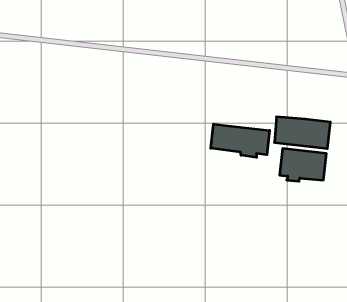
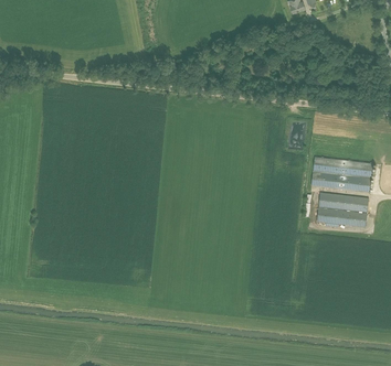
building: [211,124,270,157] -> none

